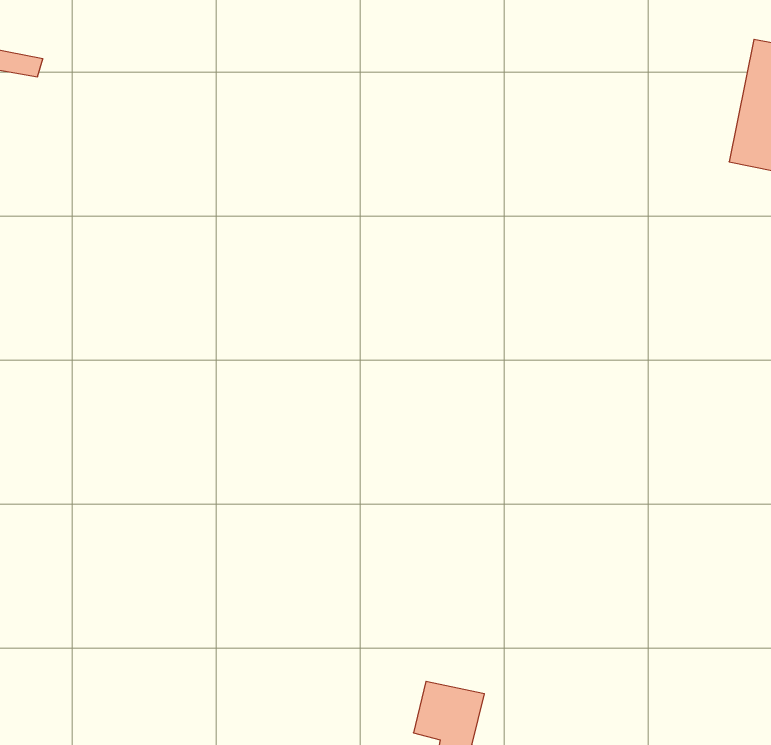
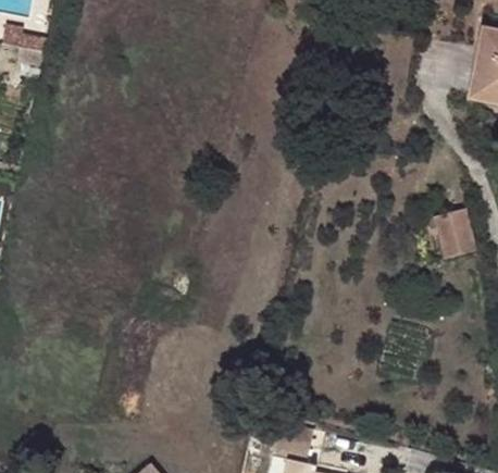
building: none -> [435,210,480,261]

